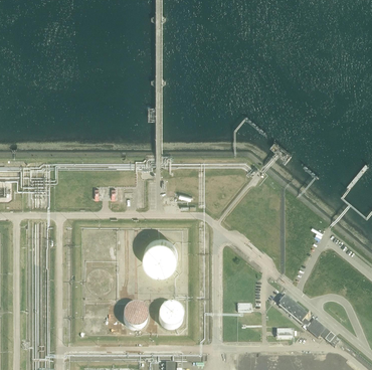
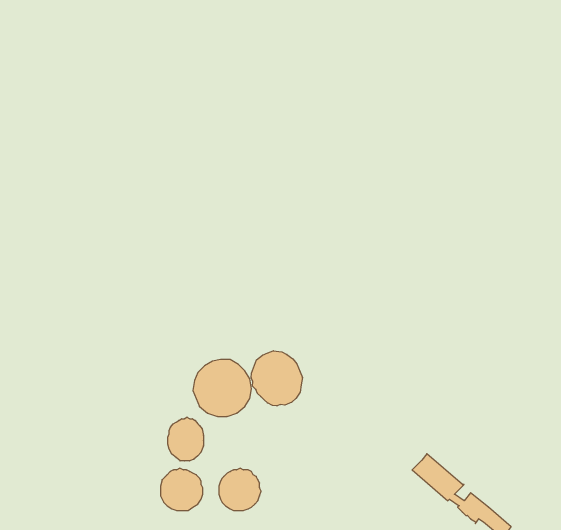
building: none -> [251,351,302,406]
building: none -> [168,417,203,461]

